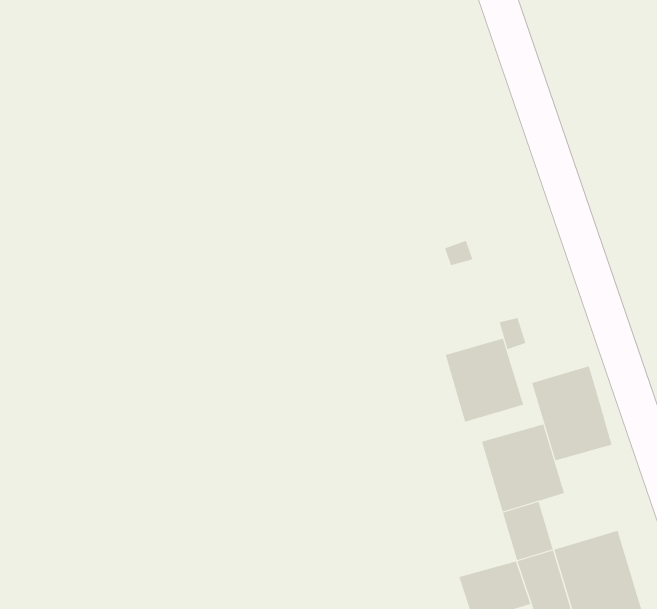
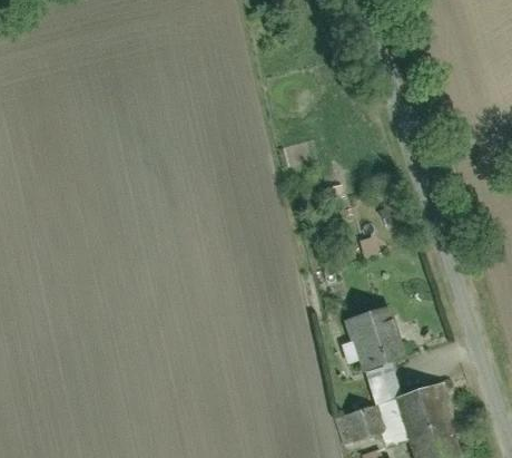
building: [445,338,524,423] -> none
building: [531,365,612,461] -> none

